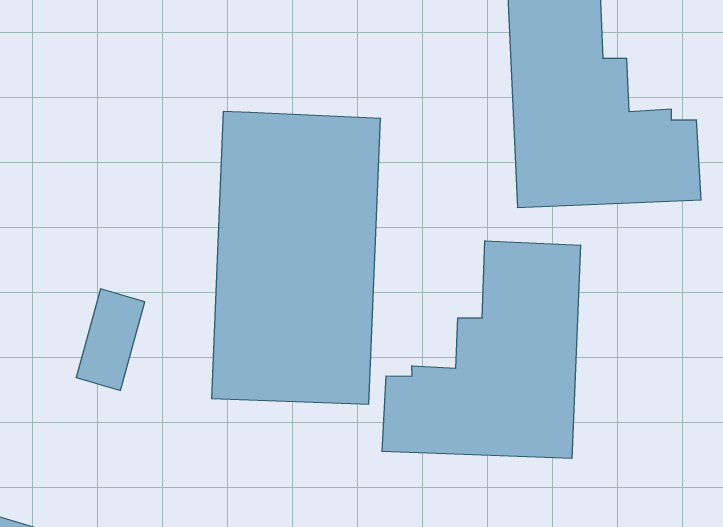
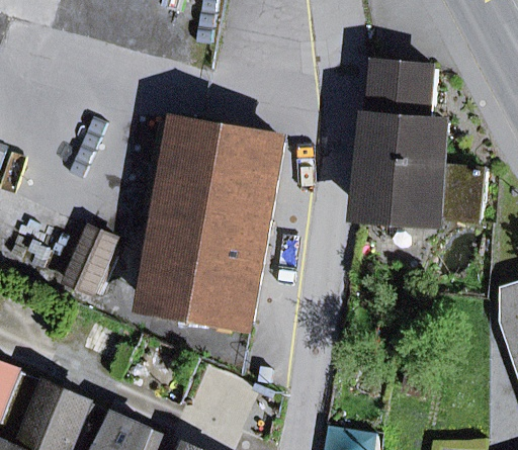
building: [382,241,581,458] -> none

